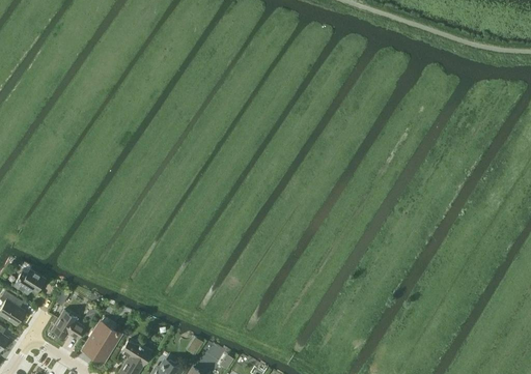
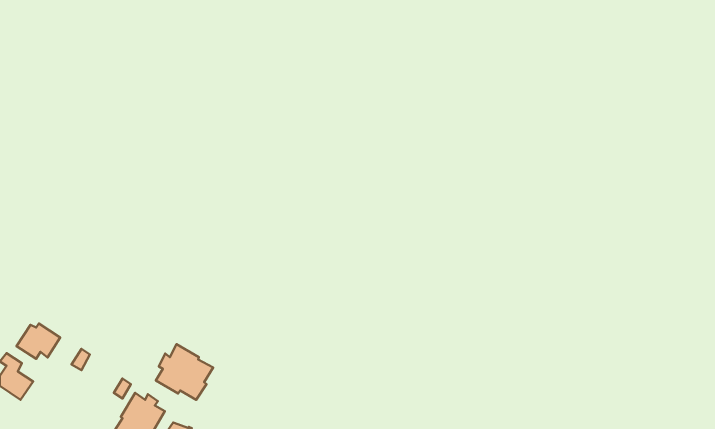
building: none -> [156,344,213,400]
building: [53,310,86,339] -> none

